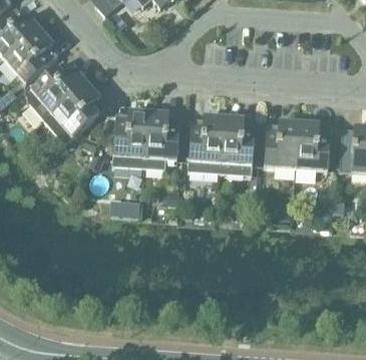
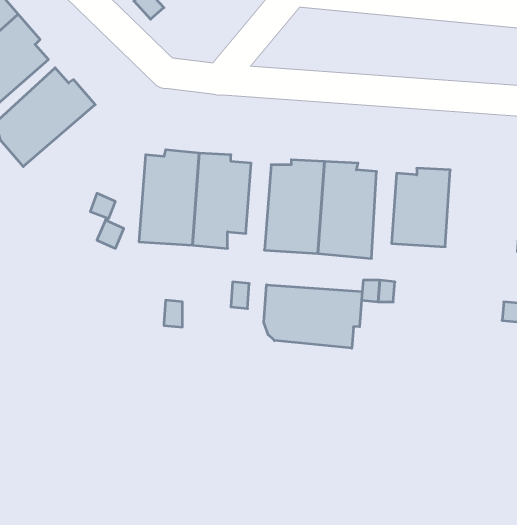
building: [43,82,104,143] -> none
building: [296,121,330,170] -> none
building: none -> [264,285,362,348]

